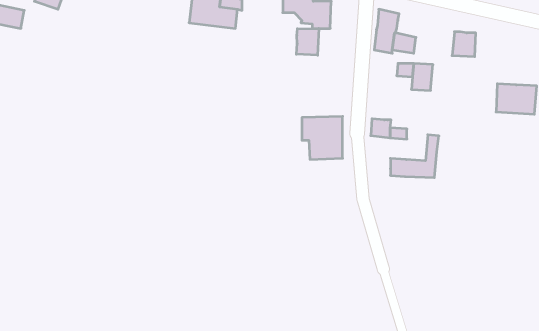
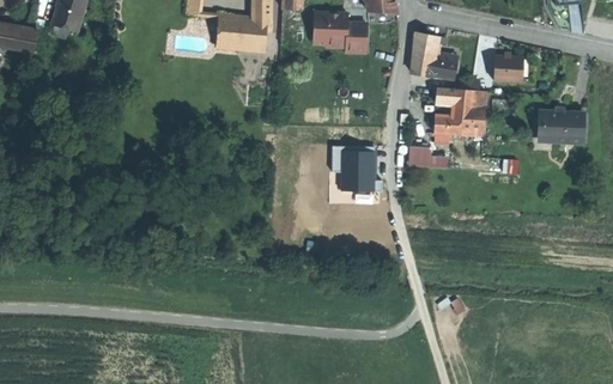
building: [296,28,319,55] -> none
building: [390,135,439,178] -> [433,91,485,136]

